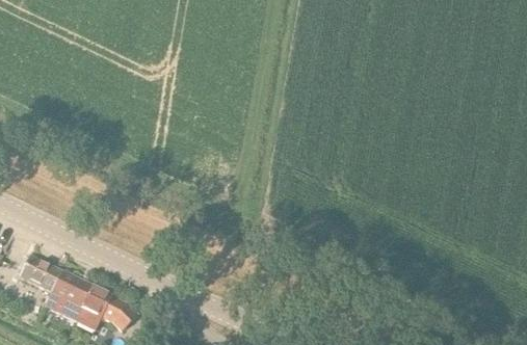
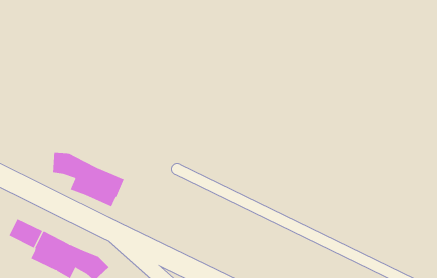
building: none -> [52,152,125,207]

